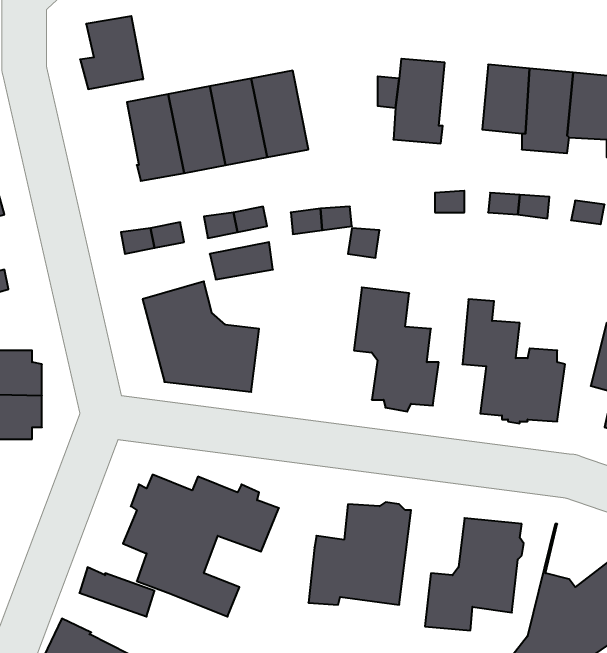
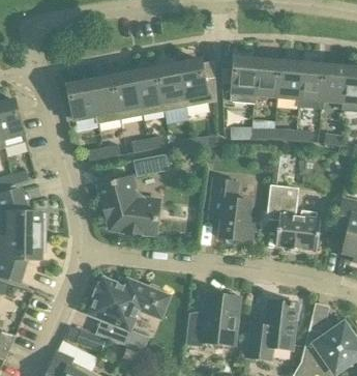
building: [80,16,143,89] -> [64,81,97,119]
building: none -> [178,60,216,106]
building: none -> [255,60,280,95]

